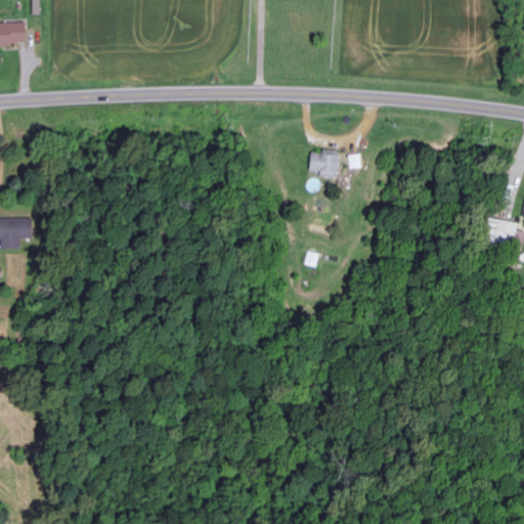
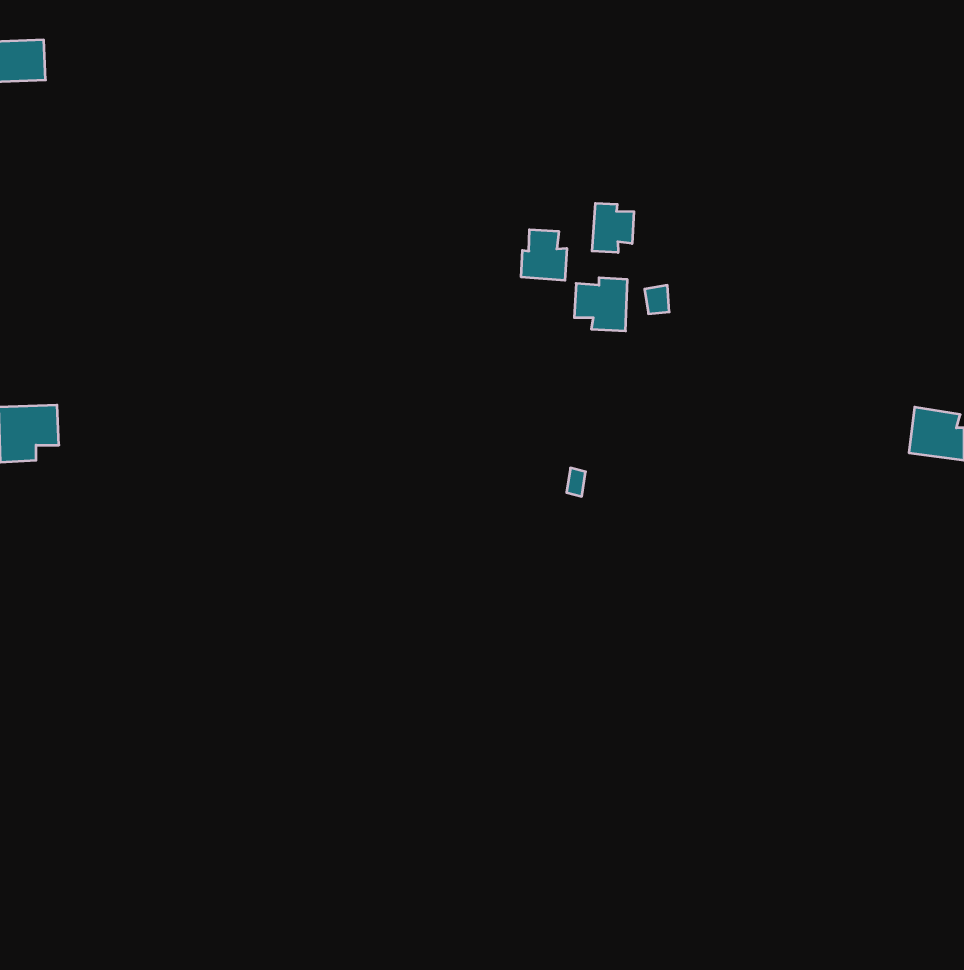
building: none -> [592,203,634,253]
building: none -> [521,230,567,280]

